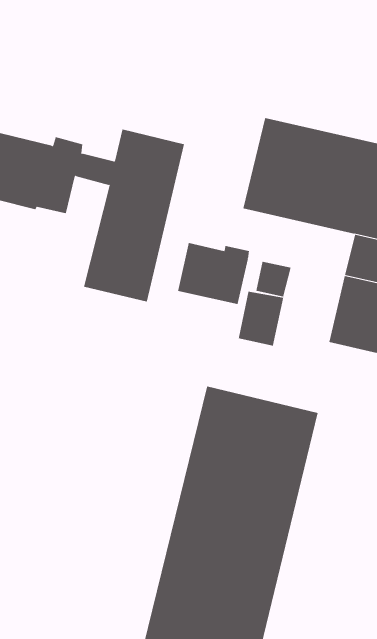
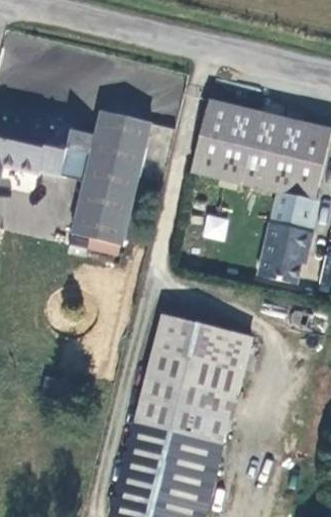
building: [178,242,250,305] -> none
building: [238,291,284,346] -> none

